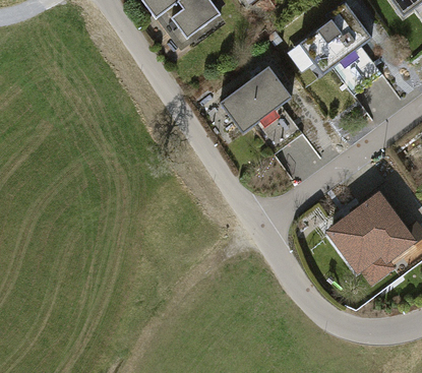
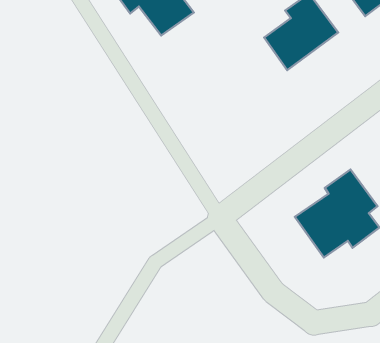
building: [216,65,294,137] -> none

